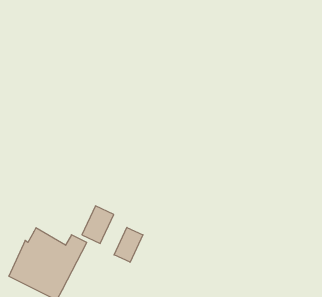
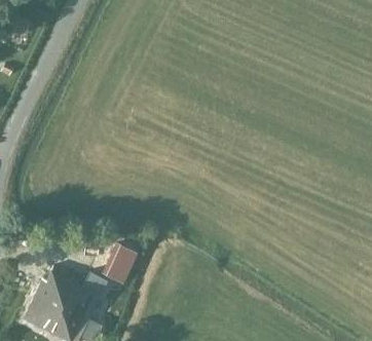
building: [114,227,143,262] -> none

